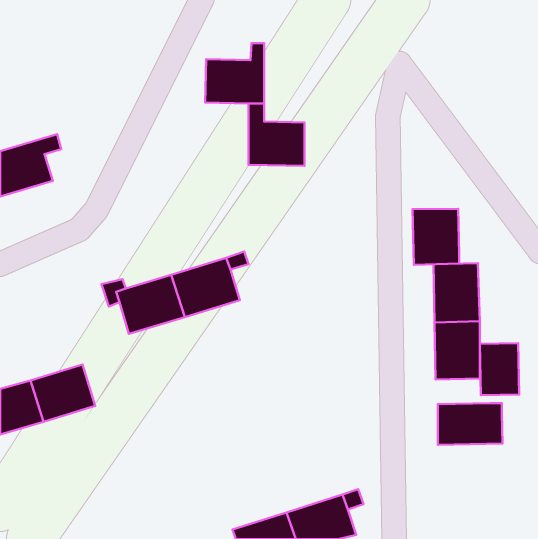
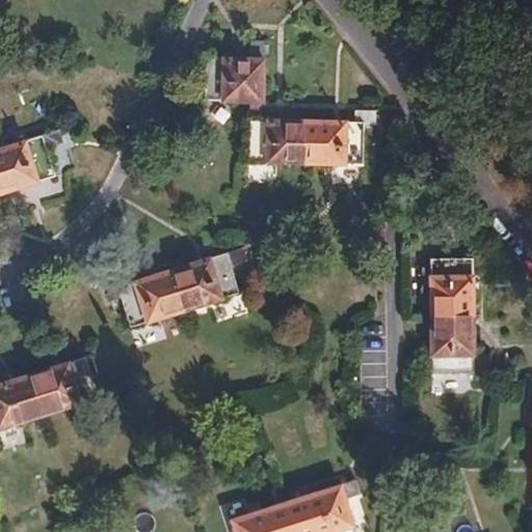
building: none -> [301,112,373,164]
building: [412,209,459,265] -> none
building: [480,343,519,395] -> none
building: [438,403,503,445] -> none

